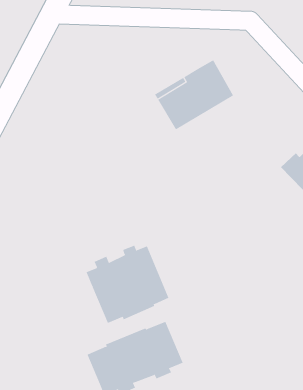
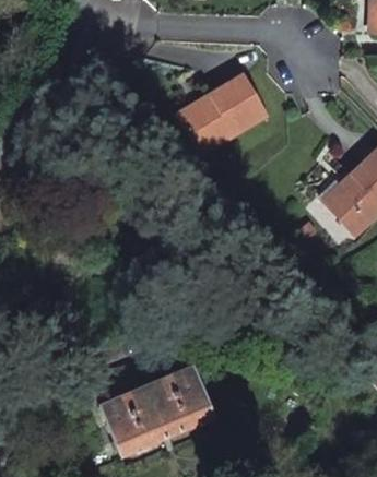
building: [86,245,169,324] -> none

